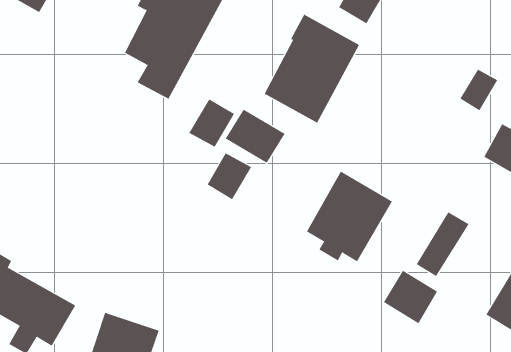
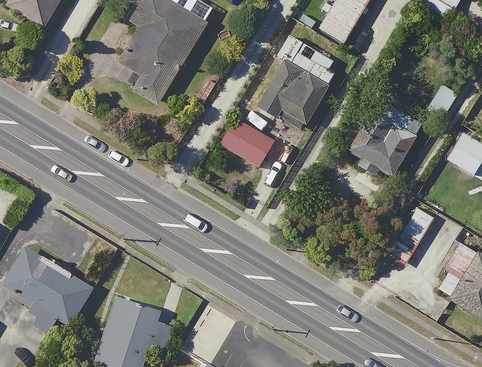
building: [188,98,235,148] -> none
building: [207,152,252,200] -> none
building: [306,171,393,262] -> [345,95,421,175]
building: [383,270,438,324] -> none

